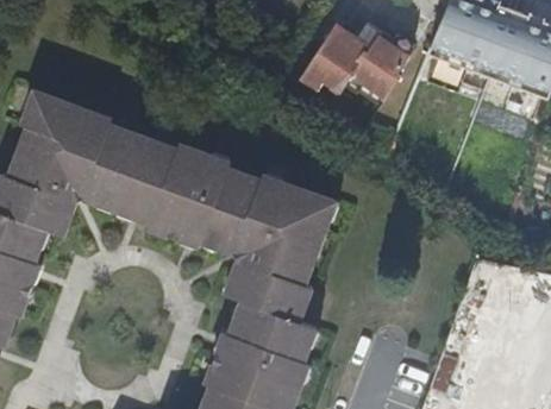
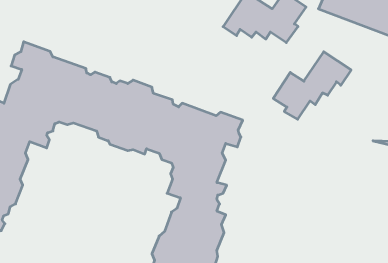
building: none -> [273,52,351,119]

